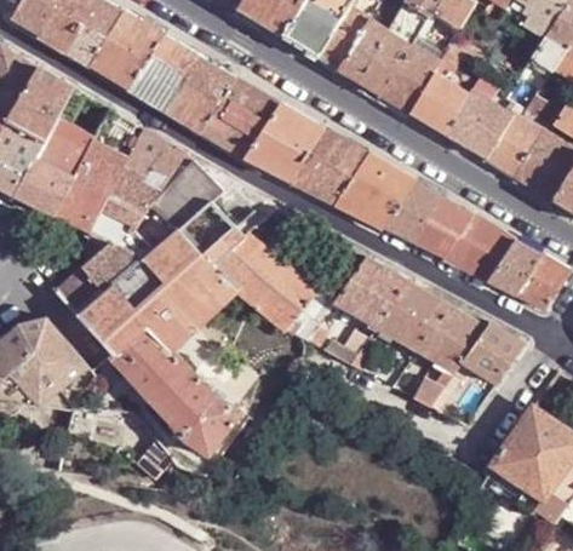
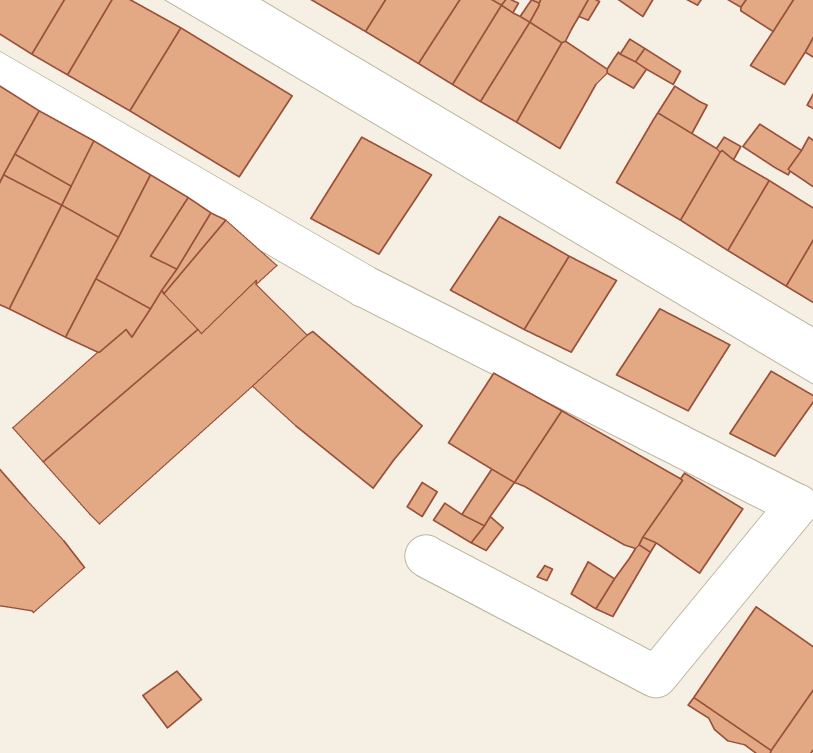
building: [406,70,466,133] -> none
building: [200,78,279,156] -> none
building: [290,128,367,202] -> none
building: [413,196,470,257] -> none
building: [488,237,542,294] -> none
building: [108,264,240,455] -> none

